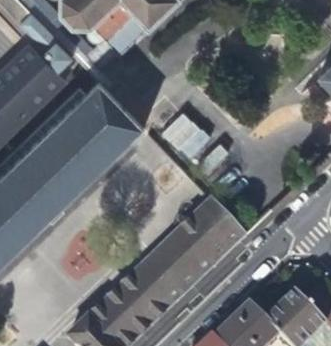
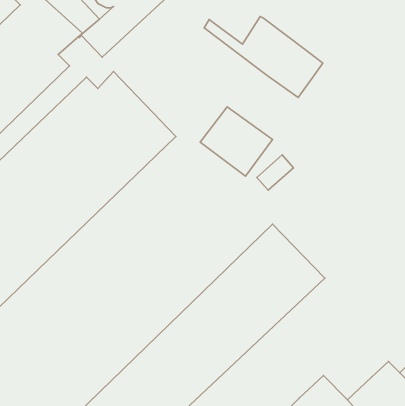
building: none -> [204,17,323,97]

